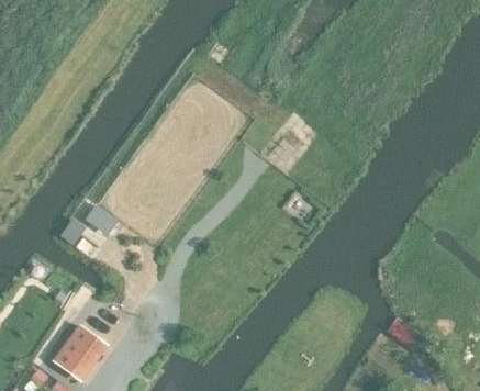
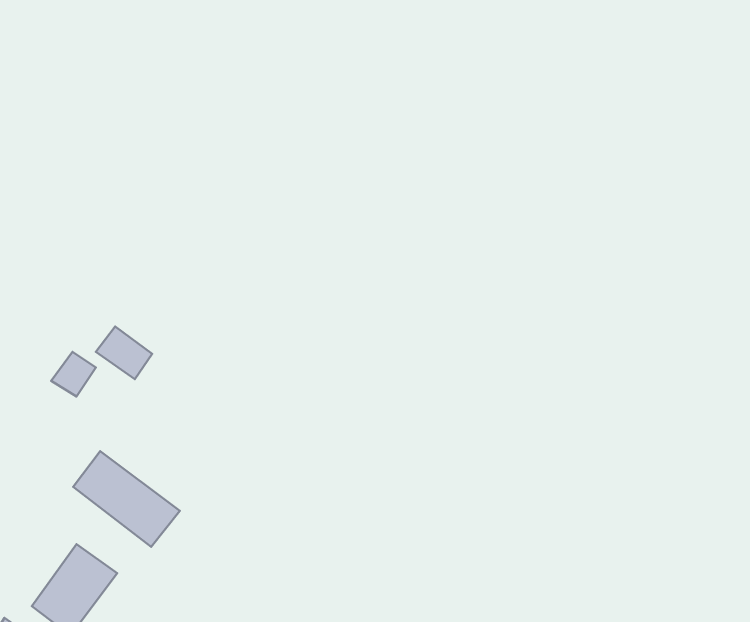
building: none -> [73,451,180,547]

